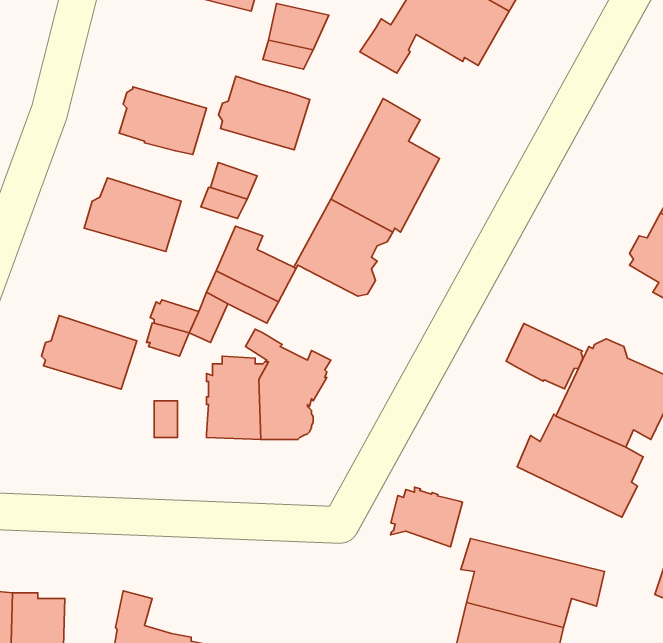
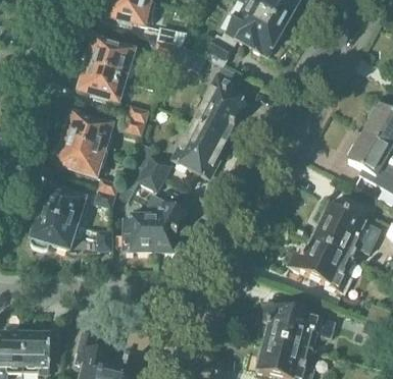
building: [219,76,310,150] -> [86,39,134,77]
building: none -> [57,141,104,177]
building: [506,324,583,389] -> none
building: none -> [31,213,81,250]
building: [390,487,462,547] -> none

